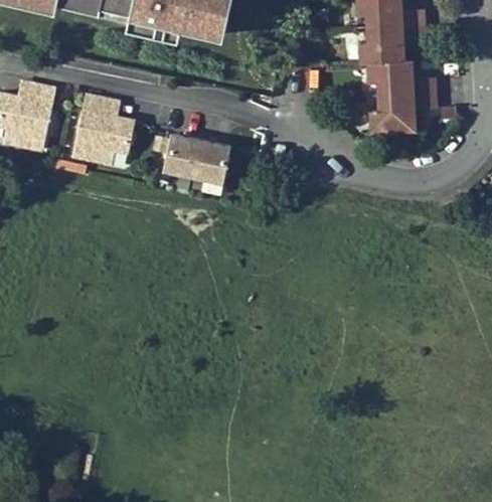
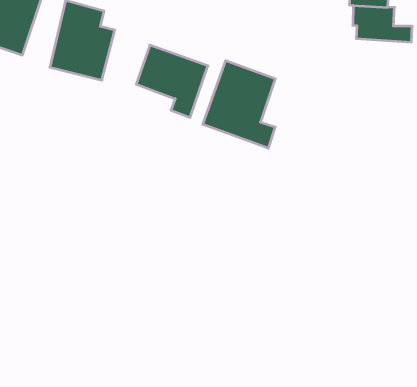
building: [372,95,434,131] -> none
building: none -> [203,61,275,148]

